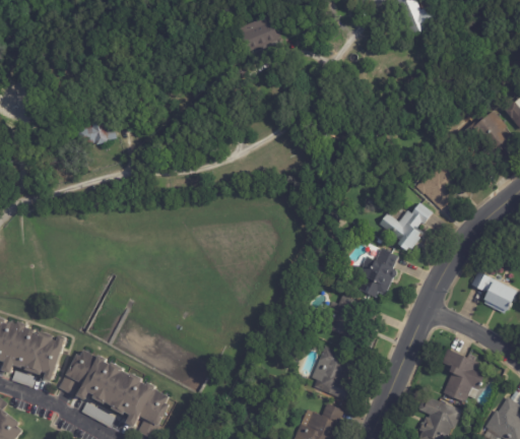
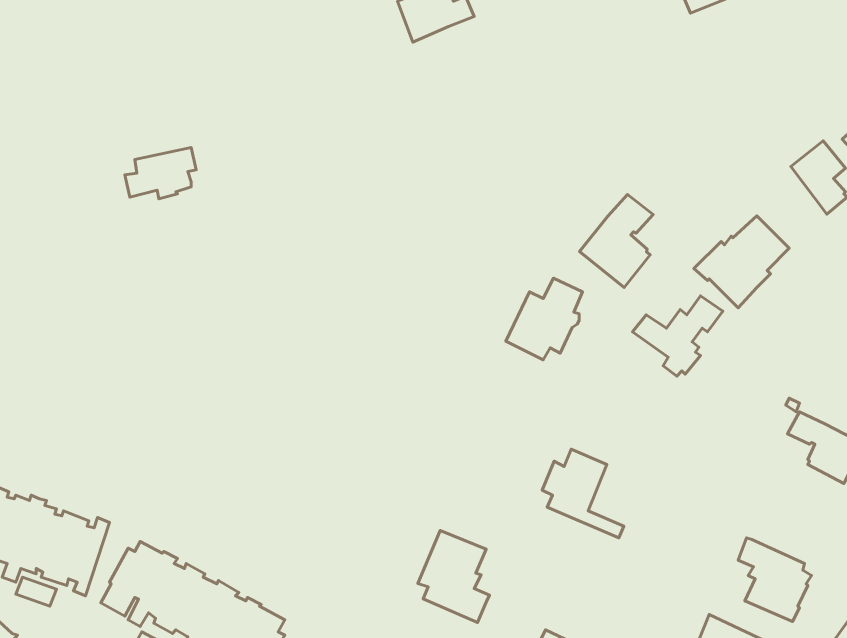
building: none -> [580,194,653,287]
building: [351,249,397,298] -> [506,278,582,360]
building: [311,346,353,400] -> [418,531,490,623]

